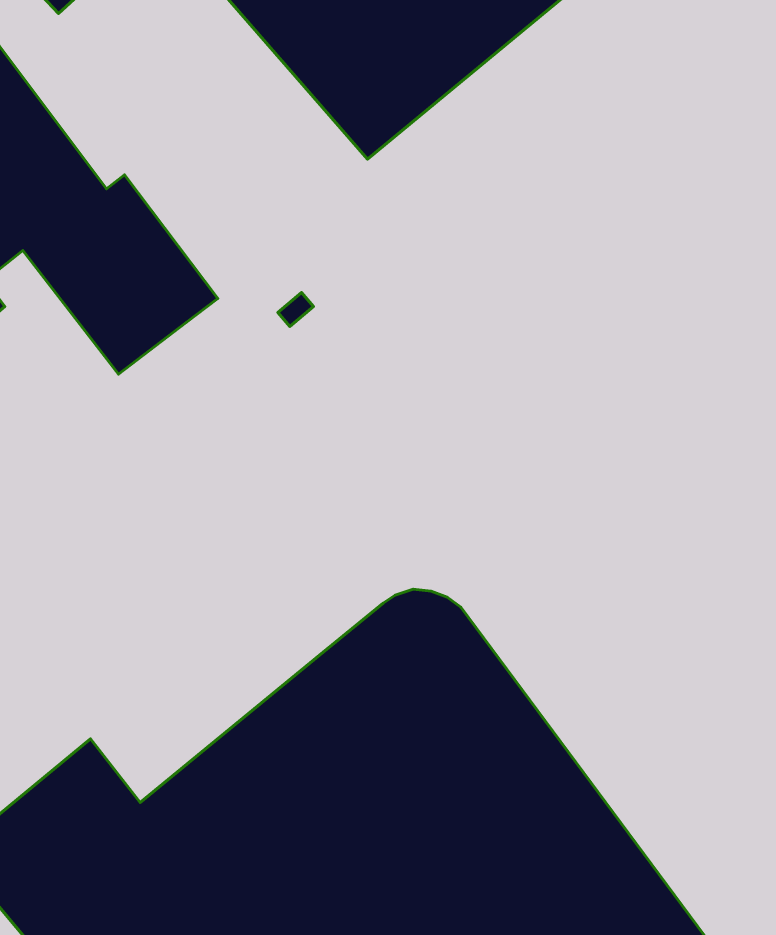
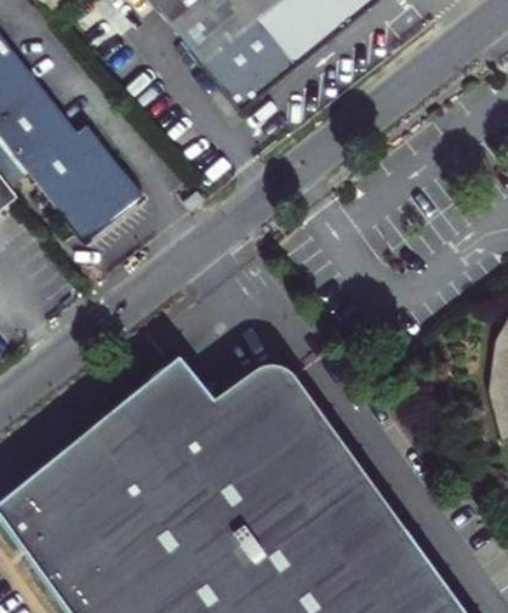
building: none -> [67,373,206,500]

